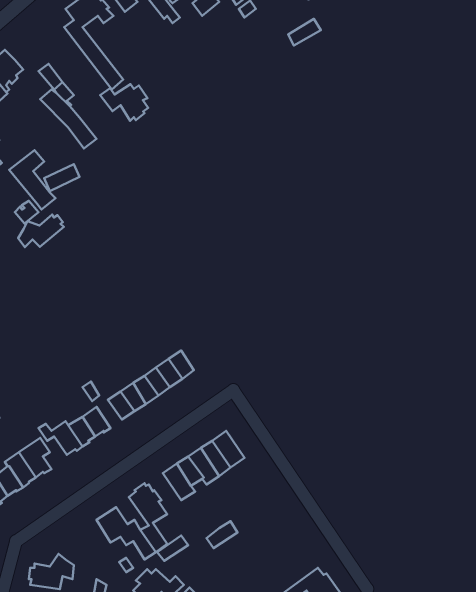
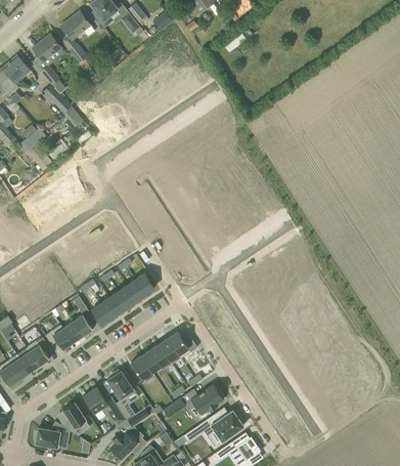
building: none -> [33,35,61,62]
building: [100,84,148,121] -> none
building: [18,215,64,247] -> none
building: none -> [190,385,224,415]
building: none -> [60,403,85,434]
building: none -> [183,410,243,441]

